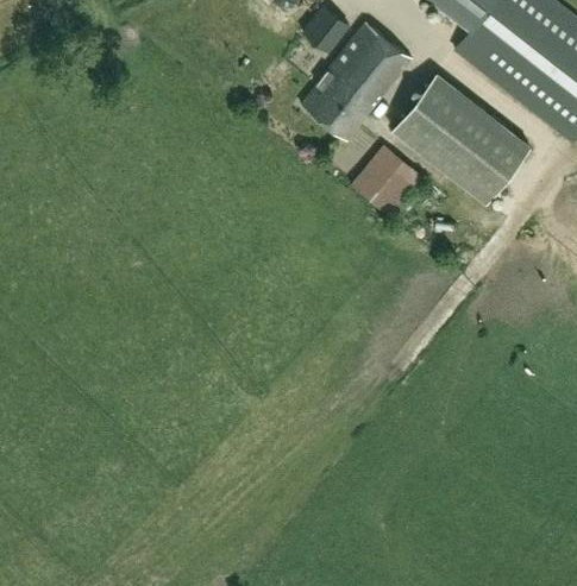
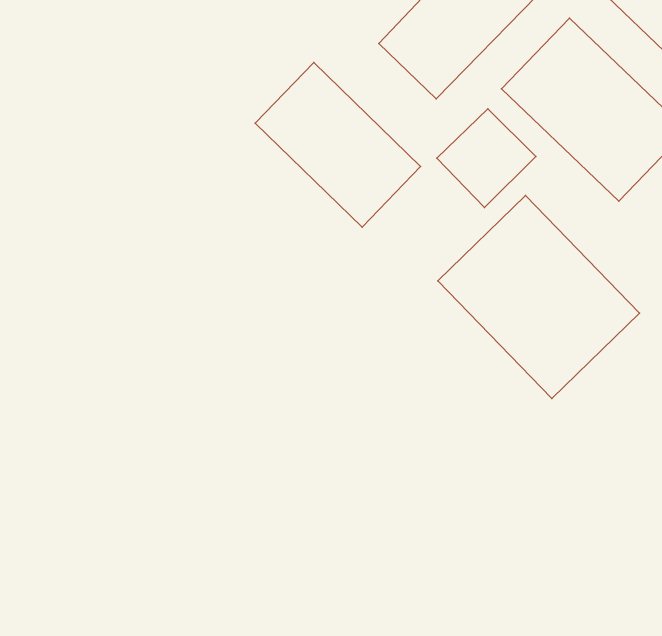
building: none -> [255,63,421,227]
building: none -> [438,195,640,399]

